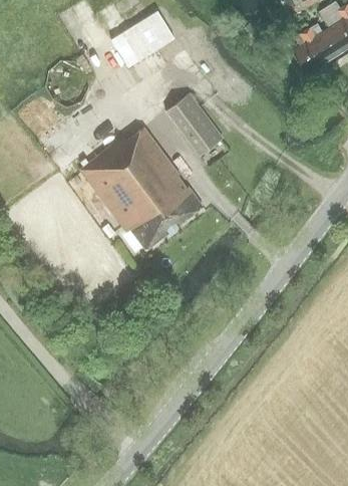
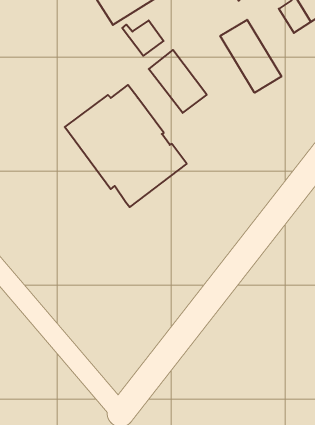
building: none -> [220,20,281,93]
building: none -> [122,20,164,56]

